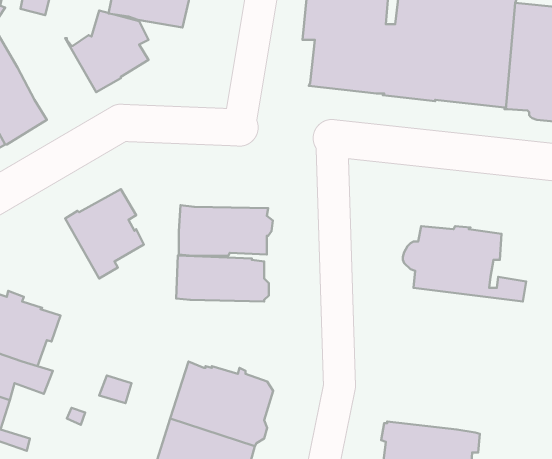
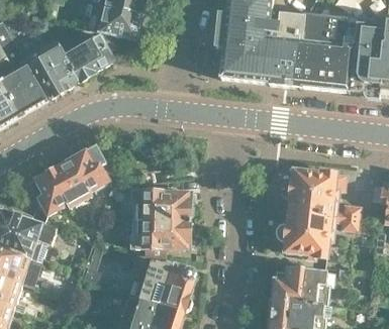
building: none -> [26,37,80,98]
building: [179,205,273,256] -> [131,216,193,249]
building: none -> [27,163,82,215]
building: none -> [276,209,360,259]
building: none -> [271,266,334,304]

